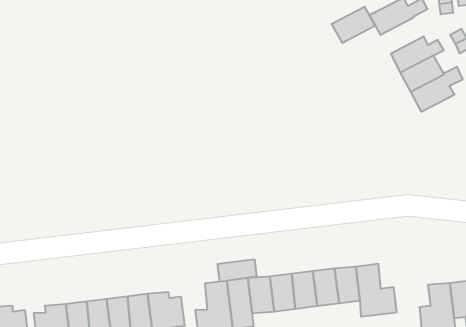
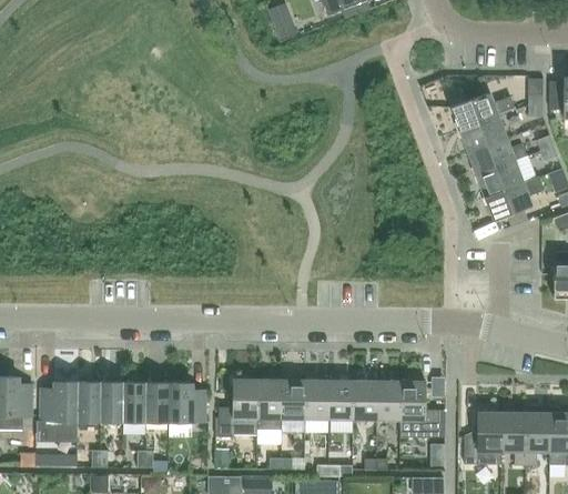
building: [332,7,375,43] -> [459,117,507,153]
building: [218,259,257,282] -> none

